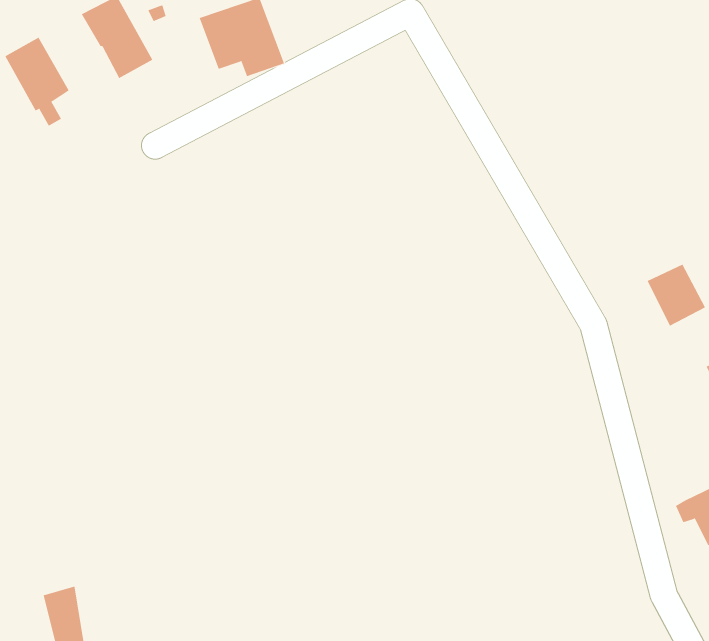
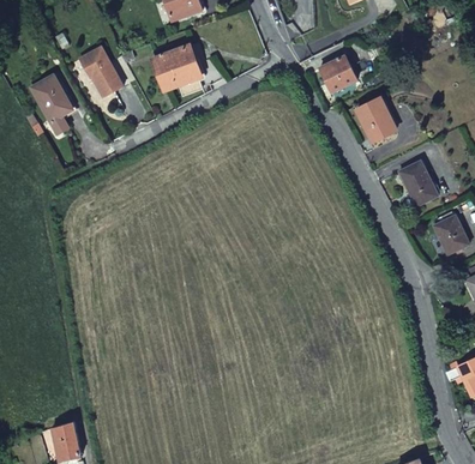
building: none -> [318,55,356,92]
building: none -> [356,100,395,143]
building: none -> [396,163,435,207]

